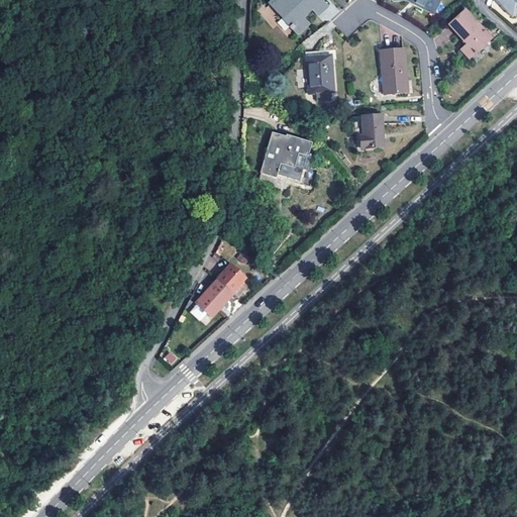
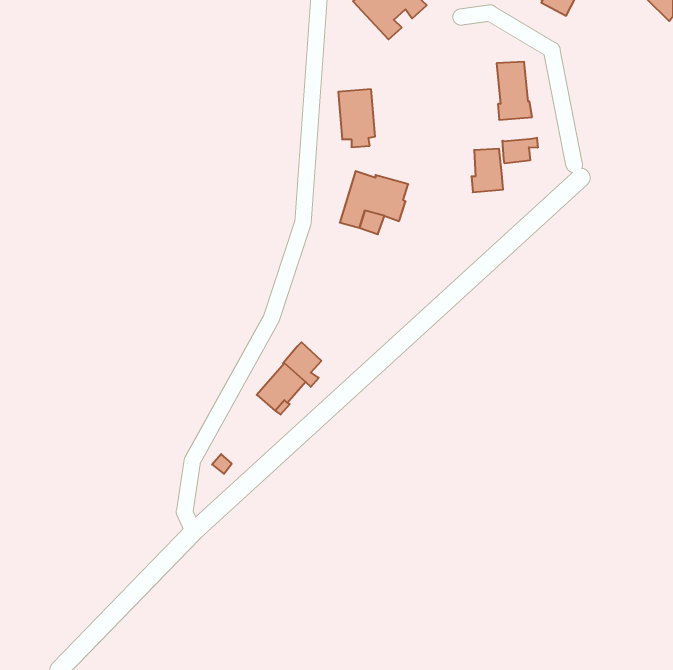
building: [449,8,491,57] -> none
building: [306,54,334,98] -> [338,89,375,147]
building: none -> [502,138,538,163]

